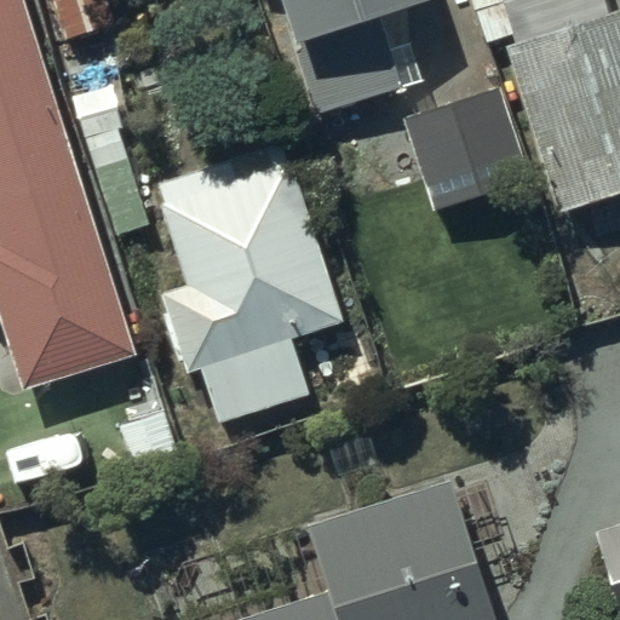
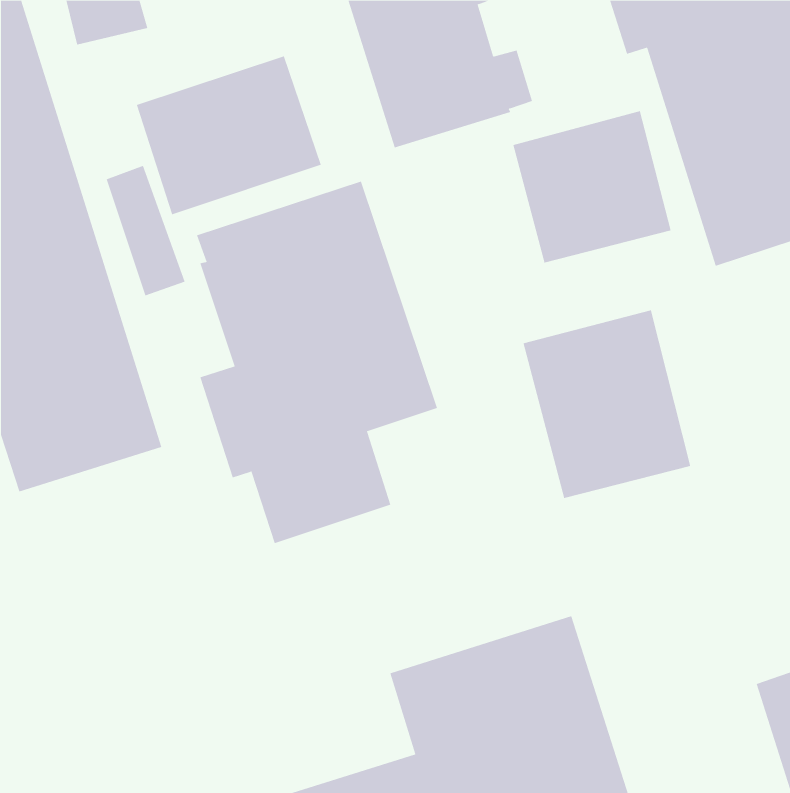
building: none -> [136,56,321,215]
building: none -> [523,310,691,499]

